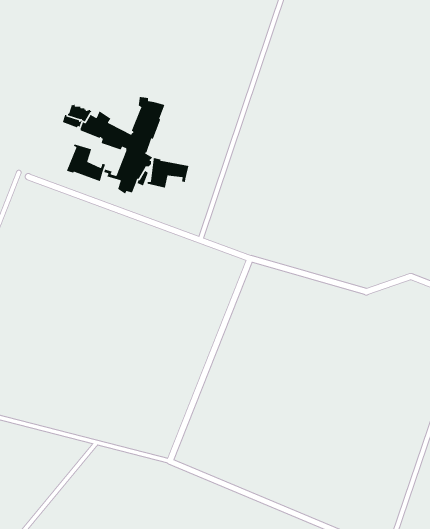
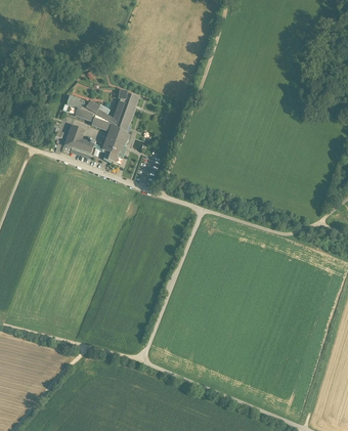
building: [147,157,189,188] -> none

